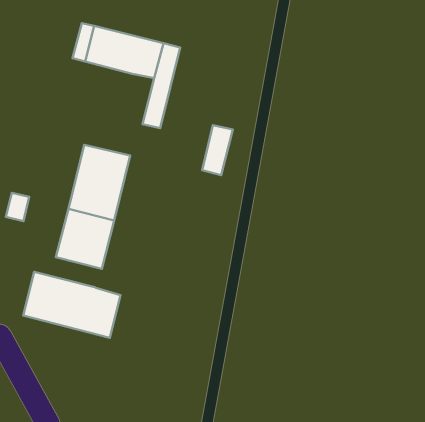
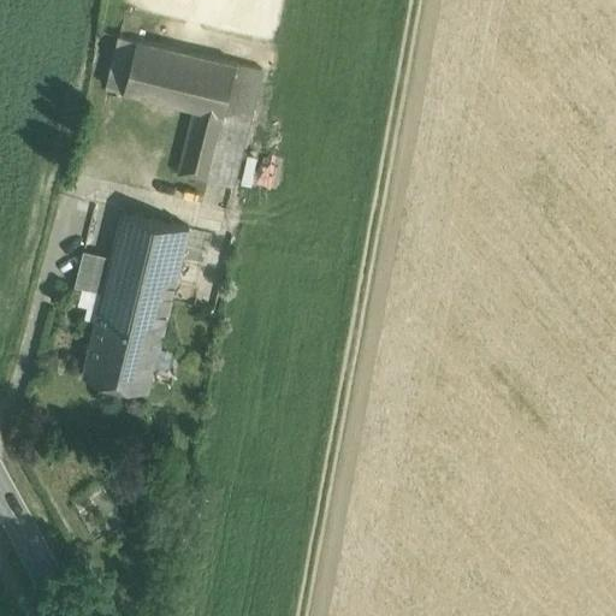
building: [202,125,233,175] -> [178,112,223,184]
building: [6,193,29,221] -> [73,253,107,294]
building: [23,272,120,338] -> none

